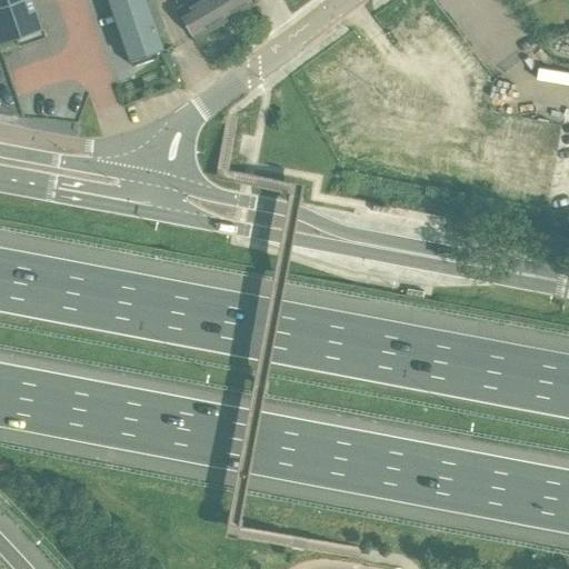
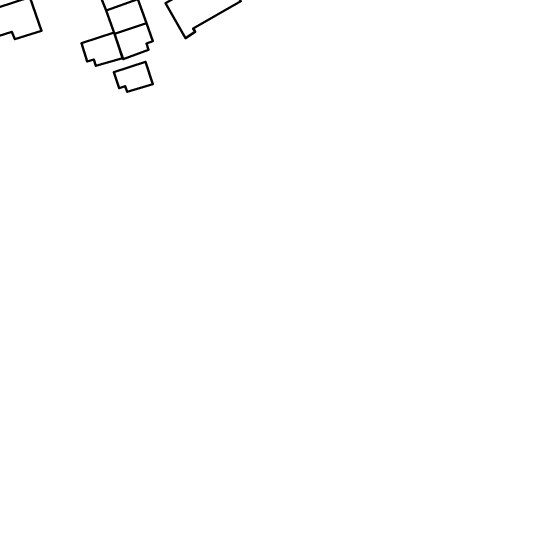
building: none -> [82,32,123,66]
building: none -> [114,62,153,92]

